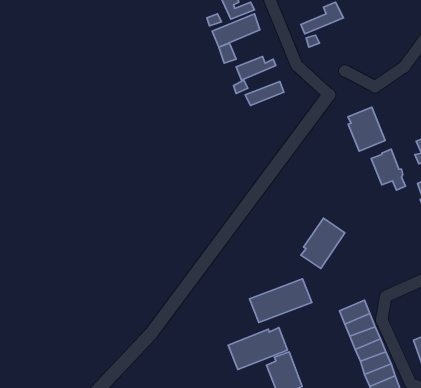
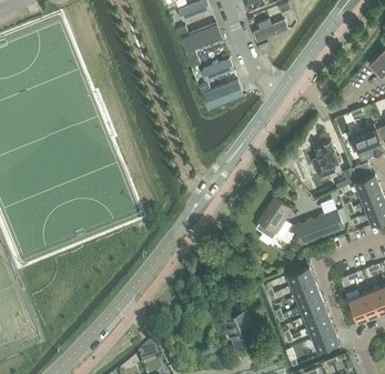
building: [348,107,385,151] -> none
building: [250,279,312,323] -> [292,205,344,242]
building: [228,328,288,369] -> none

